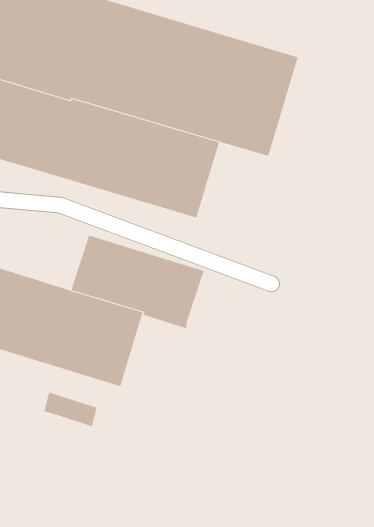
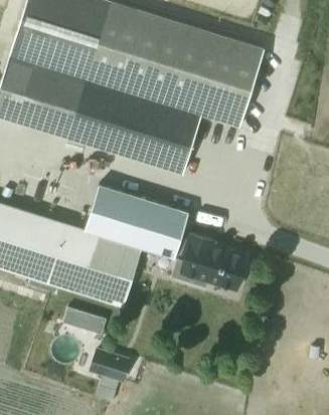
building: none -> [172,234,249,290]
building: none -> [91,352,129,392]

